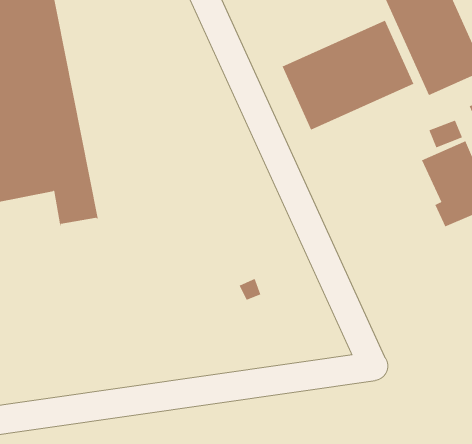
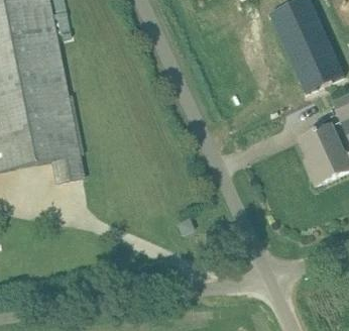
building: [282,20,414,131] -> none

